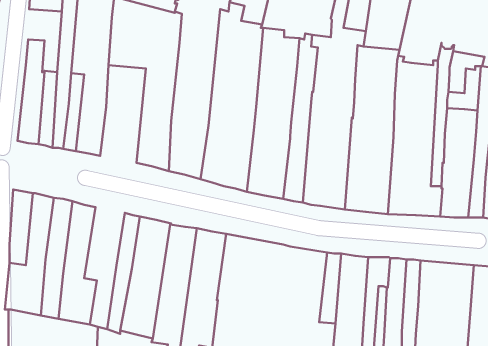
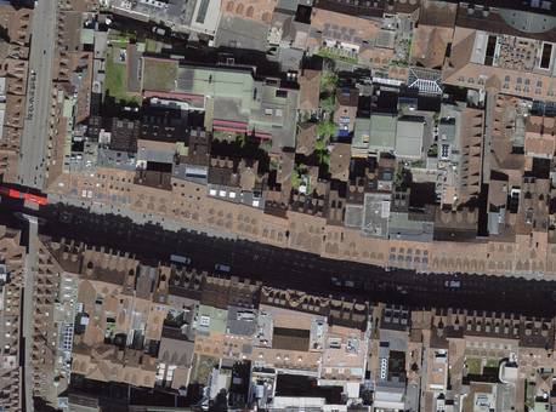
building: none -> [56,53,91,119]
building: none -> [131,111,178,213]
building: none -> [114,259,157,387]

